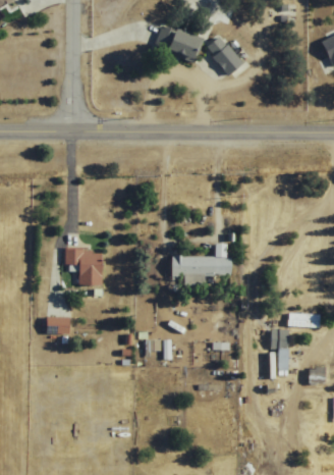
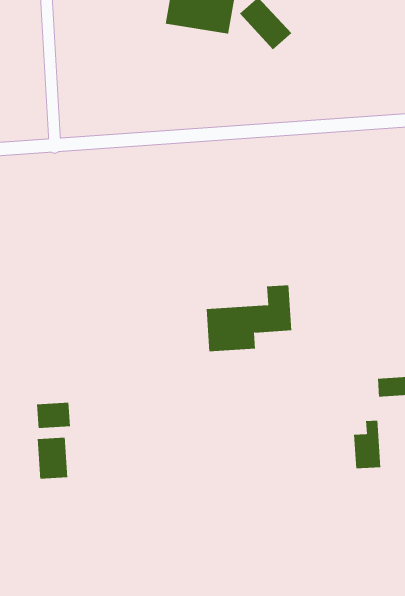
building: [66,248,102,284] -> none
building: none -> [37,437,68,479]

